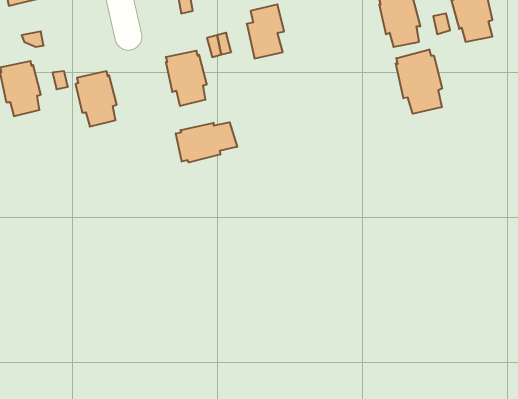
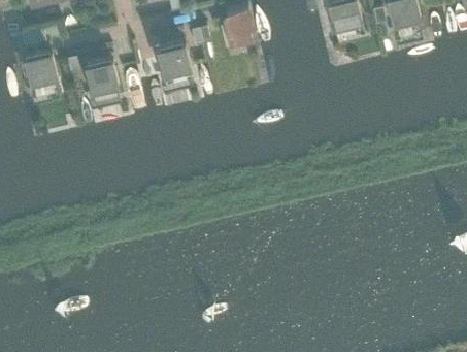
building: [396,49,442,114] -> none
building: [176,122,237,162] -> none

